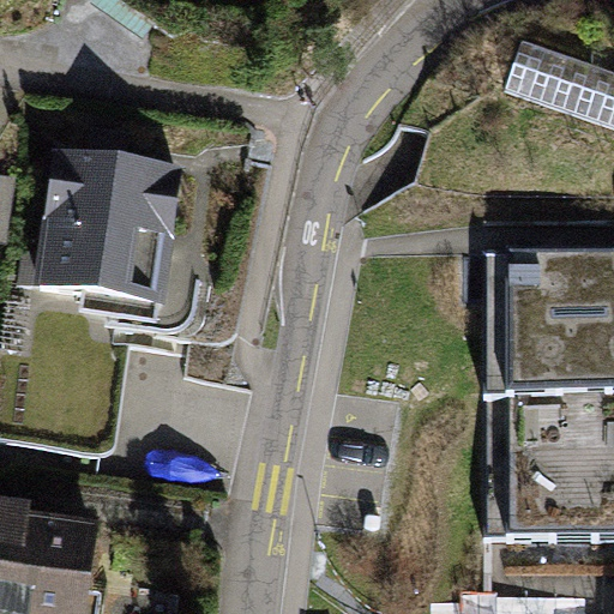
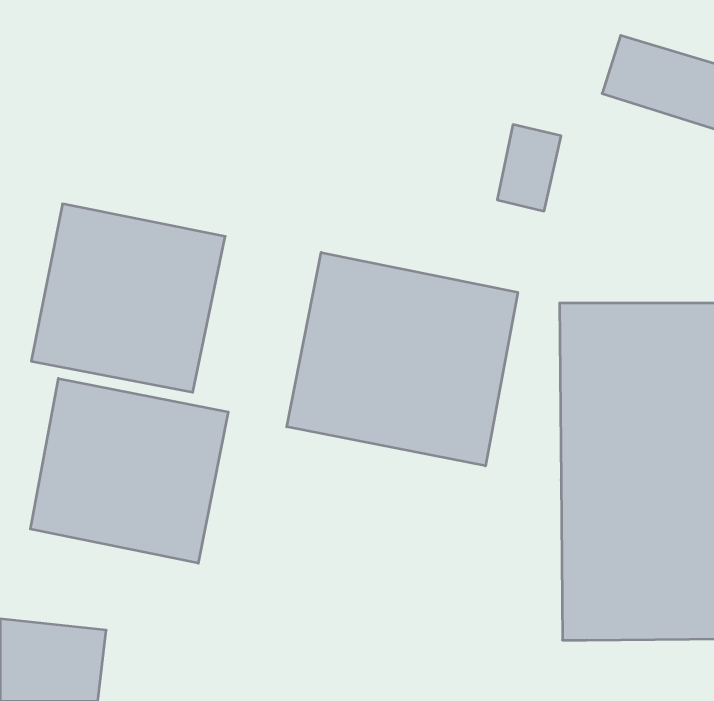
building: none -> [287,252,518,466]
building: none -> [30,378,228,563]

